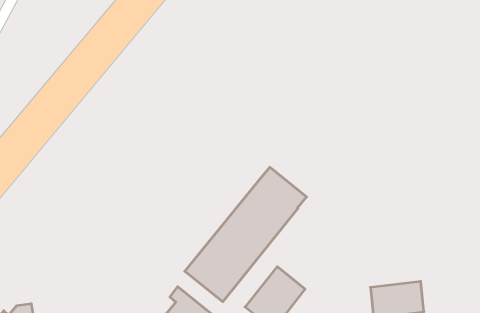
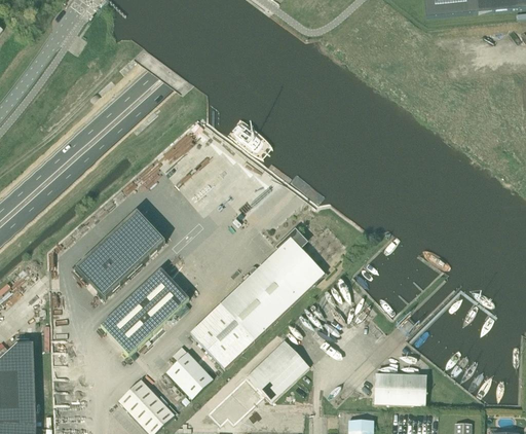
building: none -> [76,211,165,298]
building: none -> [101,268,189,355]

